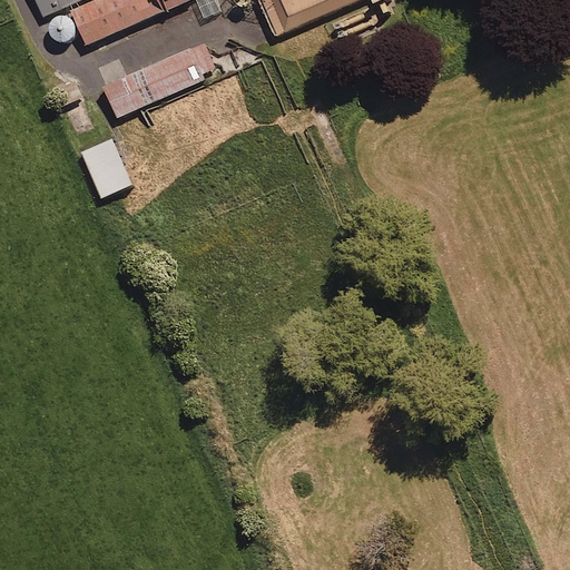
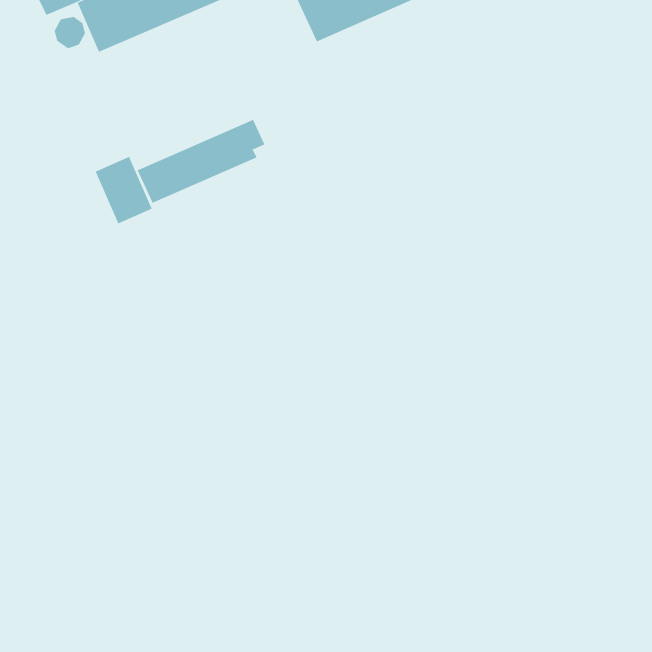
building: [101,42,213,116] -> [137,119,265,204]

